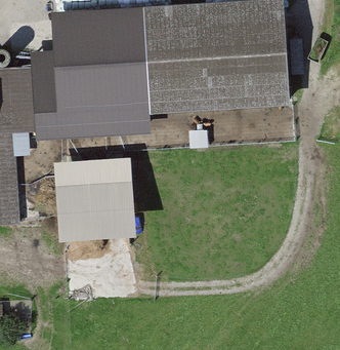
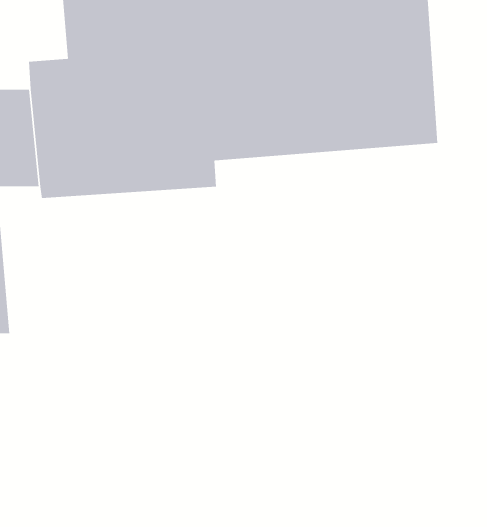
building: [55,160,134,239] -> none

